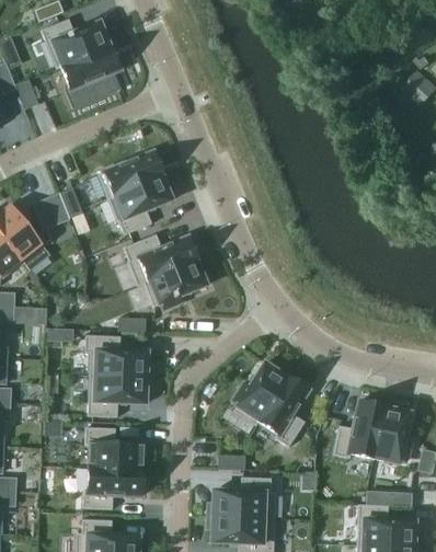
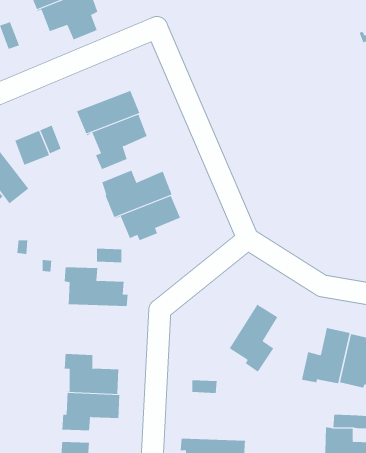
building: [232,363,287,425] -> none
building: [88,376,151,416] -> none
building: [207,476,276,518] -> none

